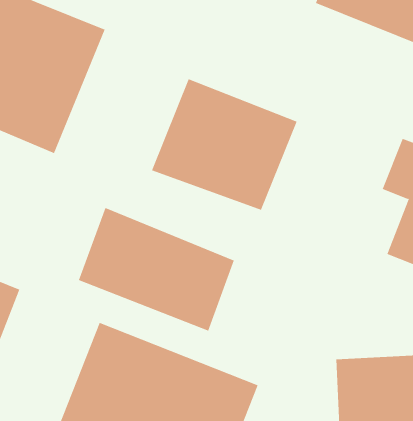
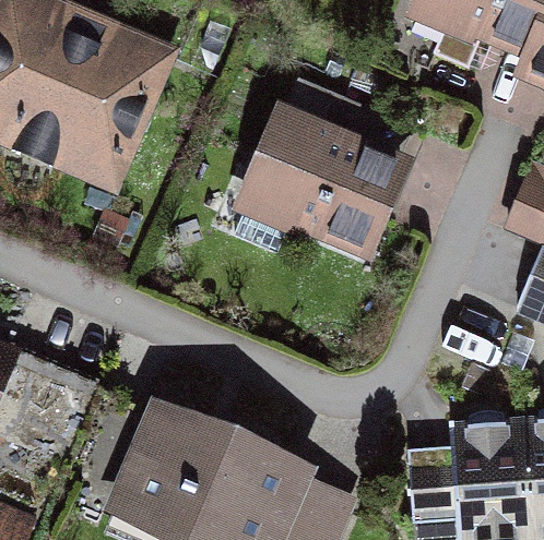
building: [78,207,235,331] -> none

